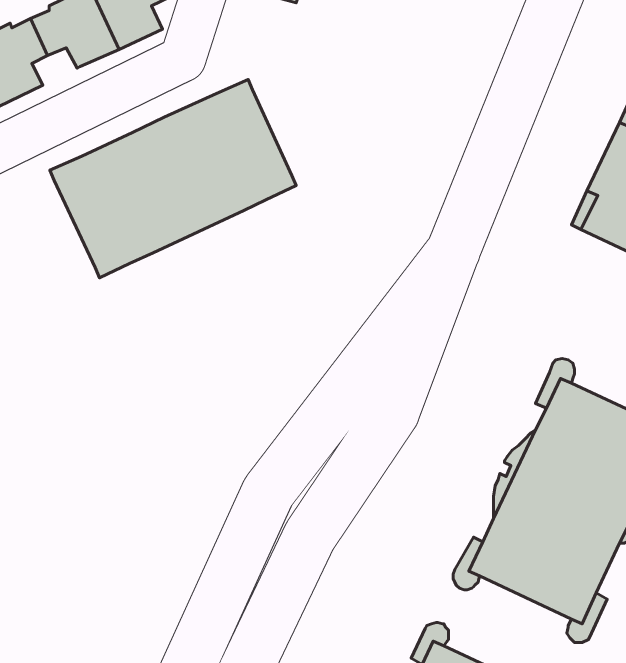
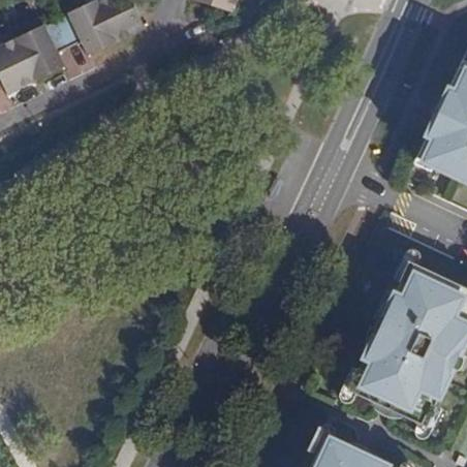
building: [50,80,296,278] -> none

